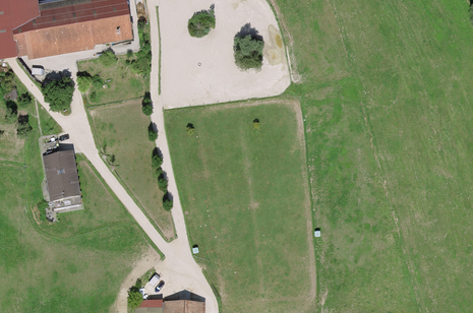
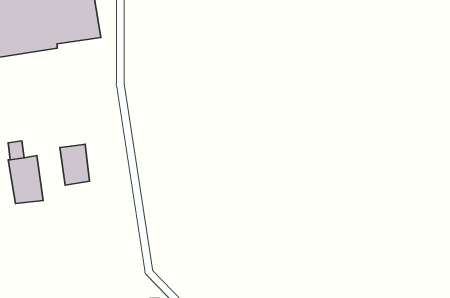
building: none -> [60,144,89,185]

